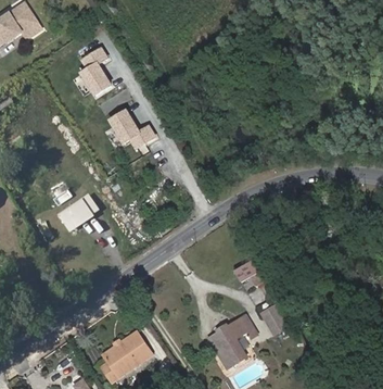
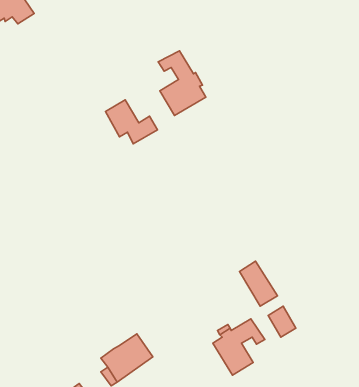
building: [80,46,114,97] -> none
building: none -> [158,51,206,116]
building: [56,196,94,230] -> none

